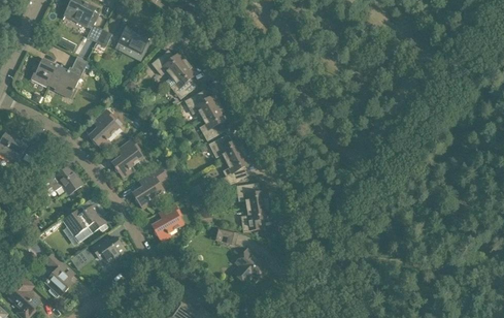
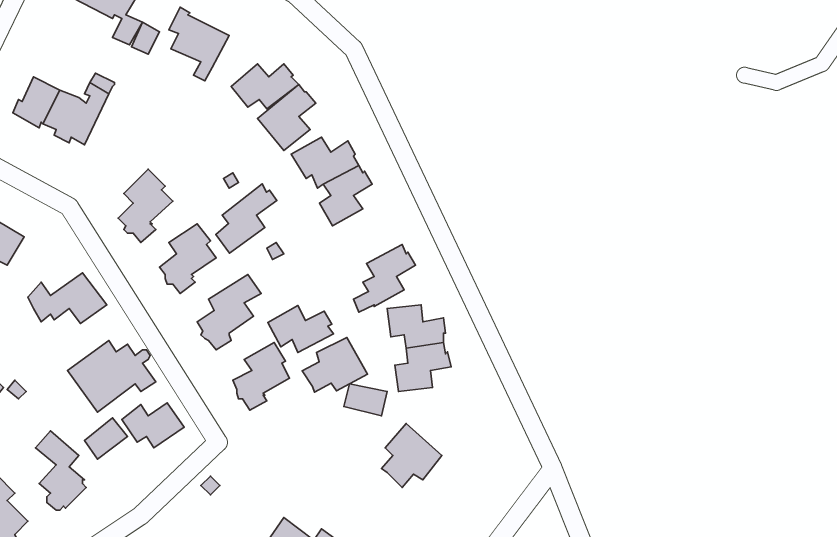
building: none -> [216,184,277,253]
building: [208,135,244,161] -> [268,305,334,353]
building: none -> [302,338,367,392]

